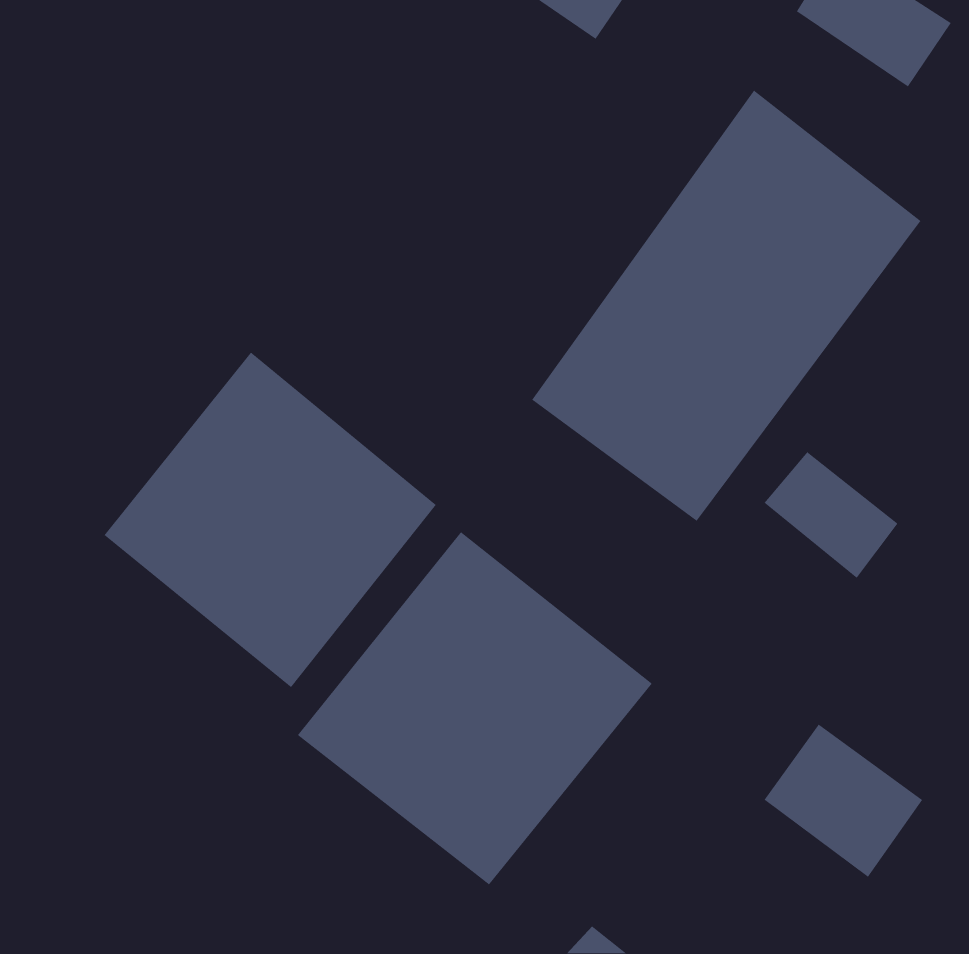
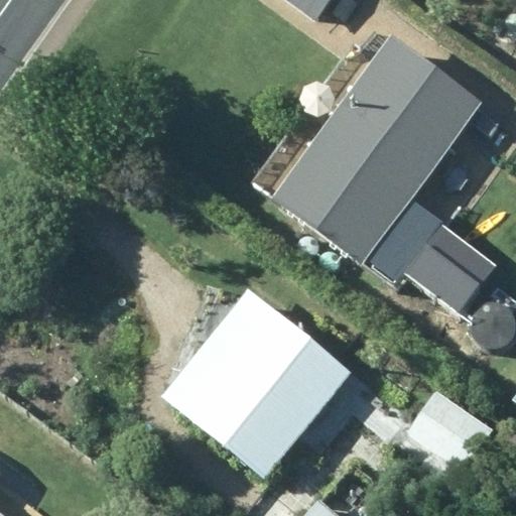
building: [103,352,437,688] -> none

